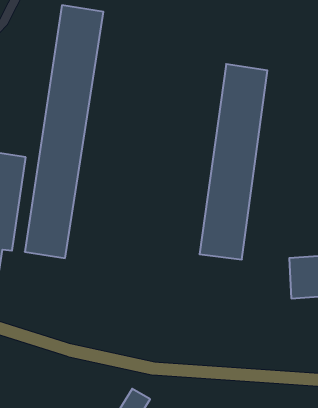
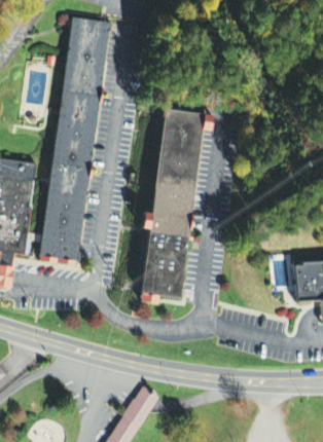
building: [199,64,267,259] -> [138,108,204,297]

